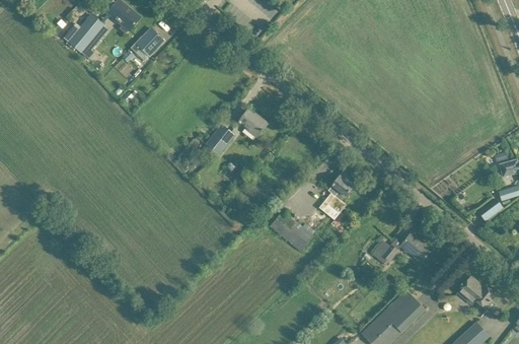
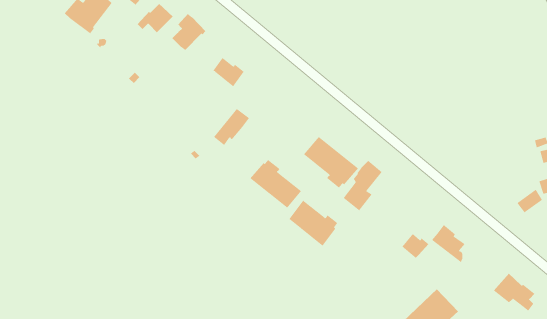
building: none -> [171,13,206,51]
building: [237,110,267,137] -> [212,57,244,87]
building: none -> [303,136,359,188]
building: none -> [249,159,302,209]

